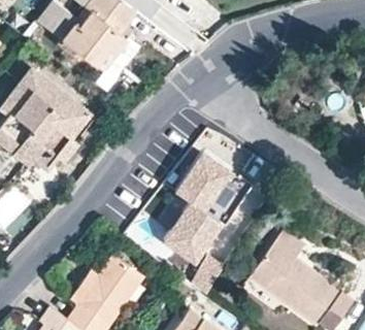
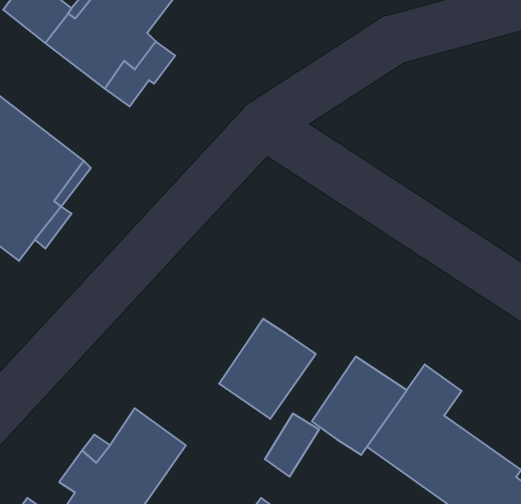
building: [175,154,231,211] -> [312,357,407,455]

